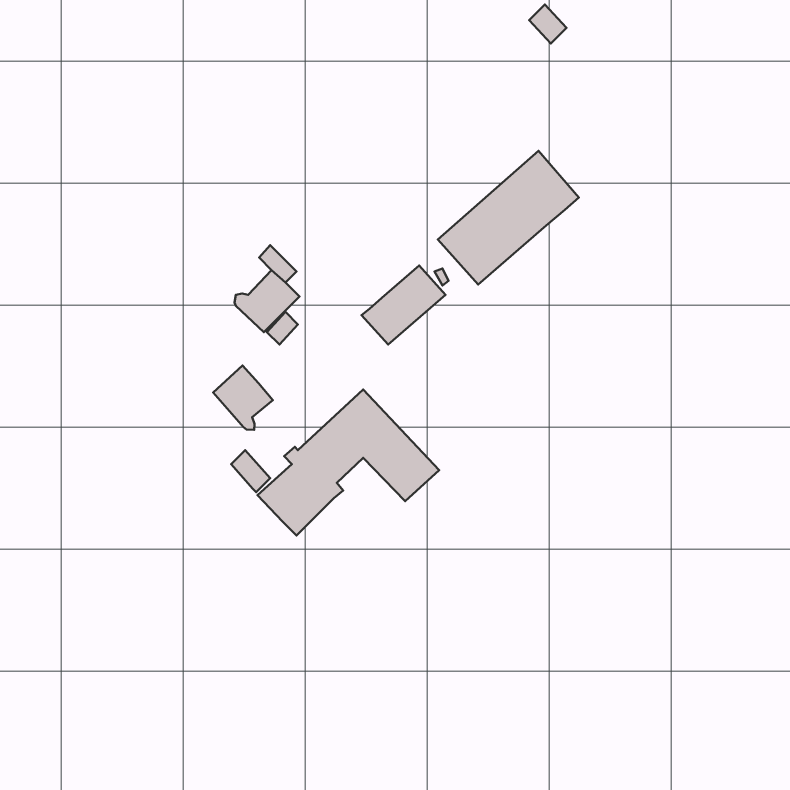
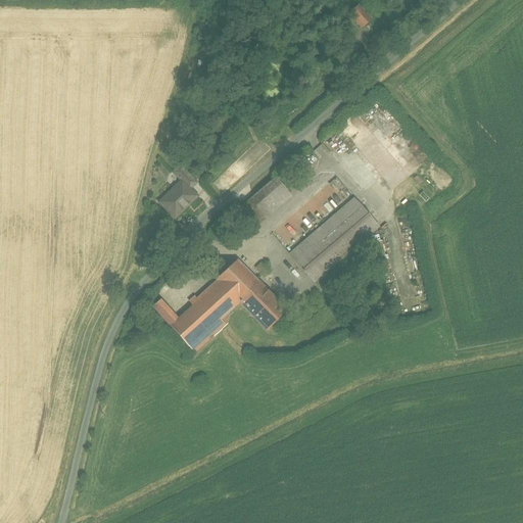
building: [438,151,579,284] -> [287,194,380,282]
building: [213,366,273,430] -> none

